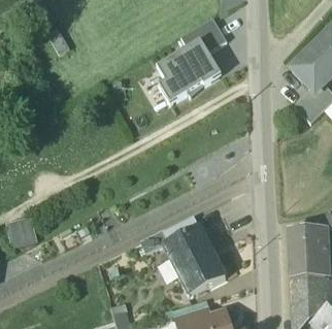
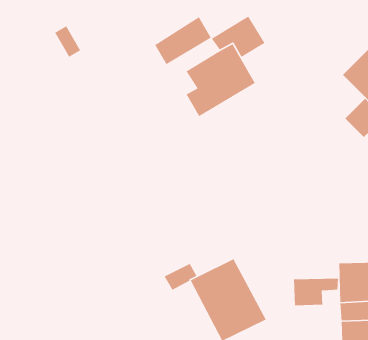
building: none -> [154,16,212,65]
building: [7,219,37,246] -> none
building: none -> [293,278,339,306]

